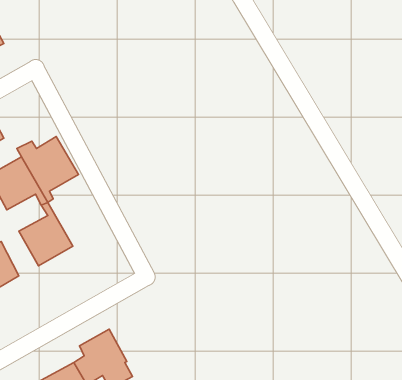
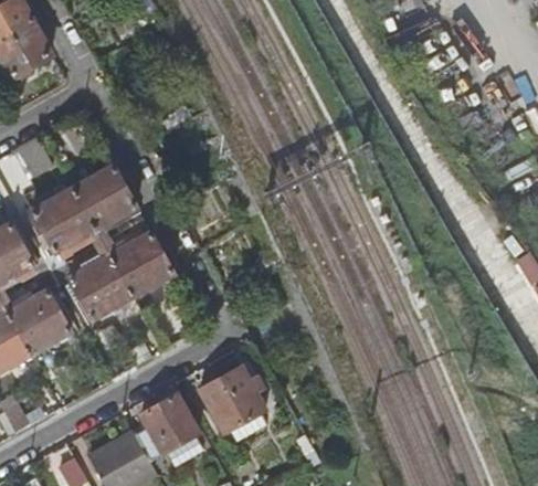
building: none -> [103,228,173,296]
building: none -> [198,361,264,443]

